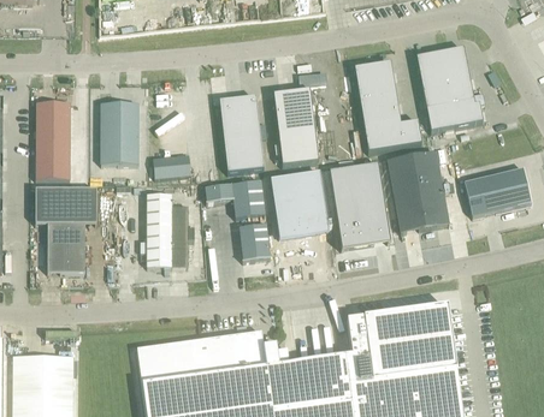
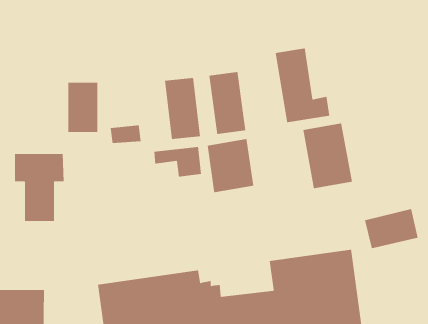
building: [416,46,484,131] -> none
building: [36,101,71,178] -> none
building: [330,161,390,248] -> none
building: [465,166,531,215] -> [364,208,419,249]
building: [147,192,195,266] -> none
building: [240,222,270,258] -> none

